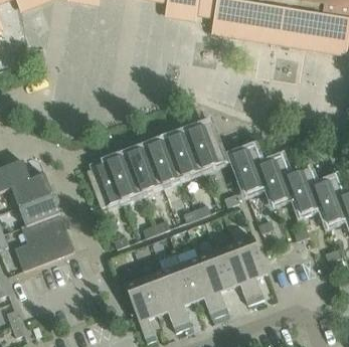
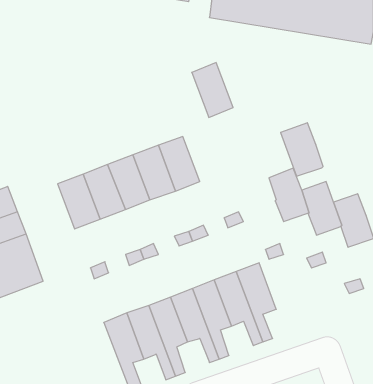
building: [189,123,223,168] -> [192,63,233,117]
building: [231,147,267,191] -> [281,123,323,176]

